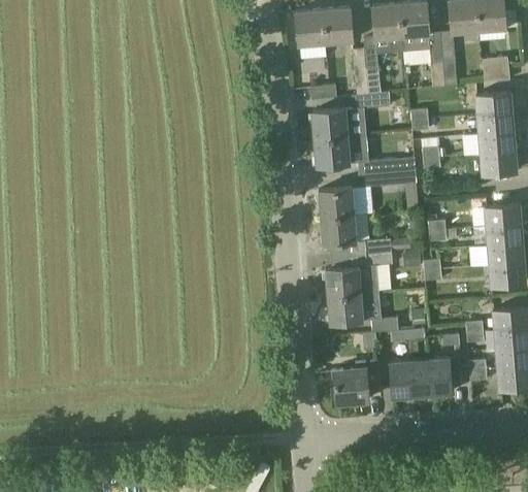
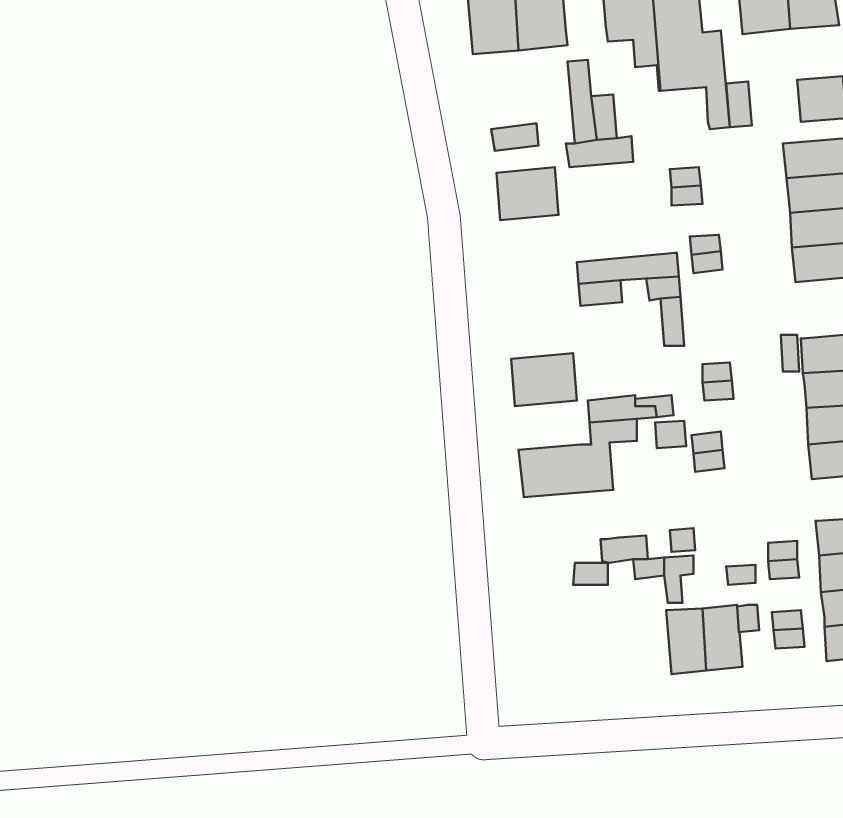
building: [315,135,367,166] -> none
building: [319,188,356,218] -> none
building: [328,292,380,323] -> none
building: [389,360,411,397] -> none
building: [334,361,380,402] -> none

